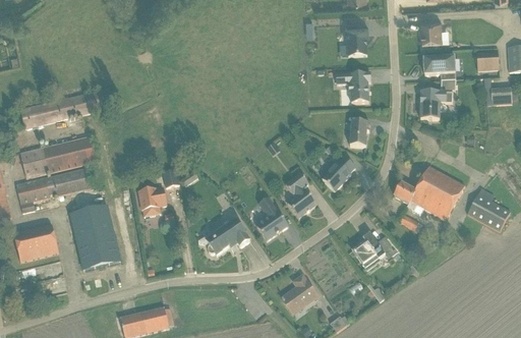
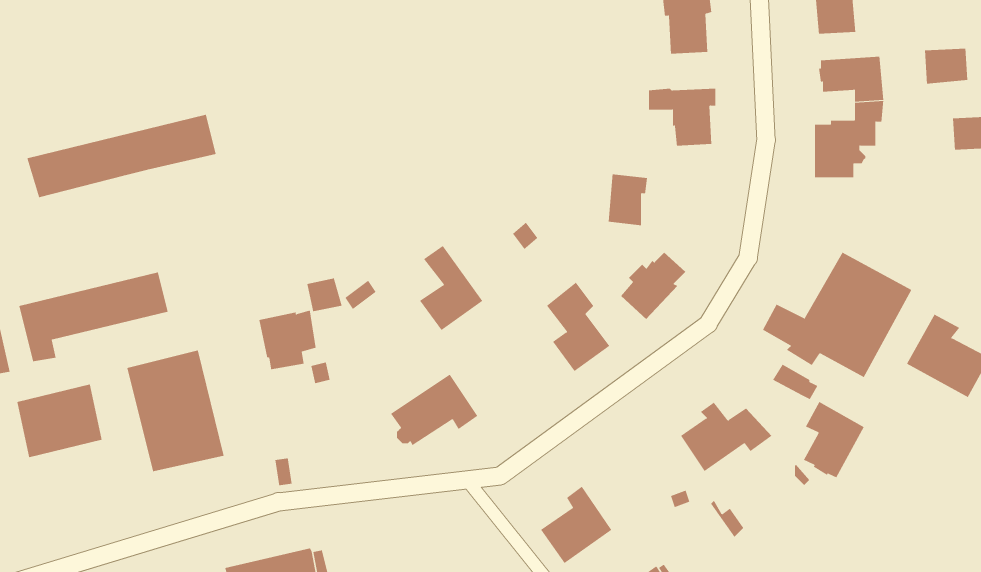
building: [348,120,368,147] -> [608,174,648,226]
building: [19,134,97,177] -> none
building: [254,196,287,240] -> [419,245,483,331]
building: none -> [803,401,864,478]

